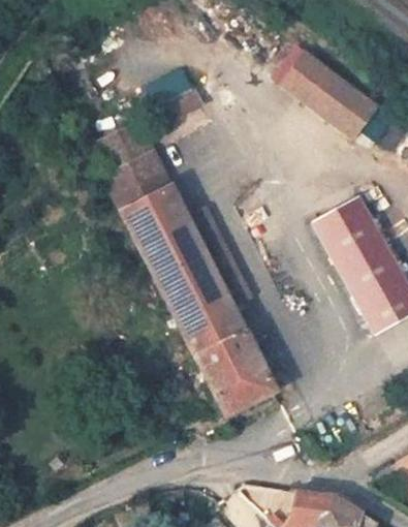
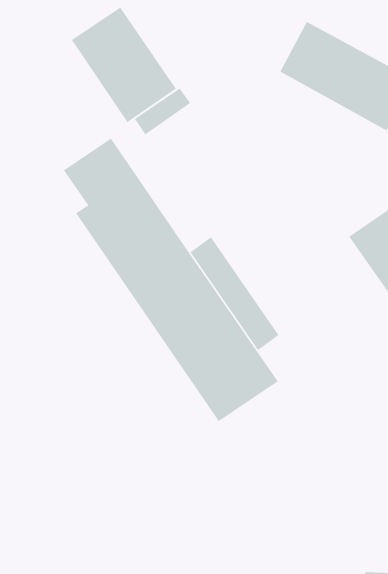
building: none -> [71,7,177,123]
building: [192,329,275,415] -> none

